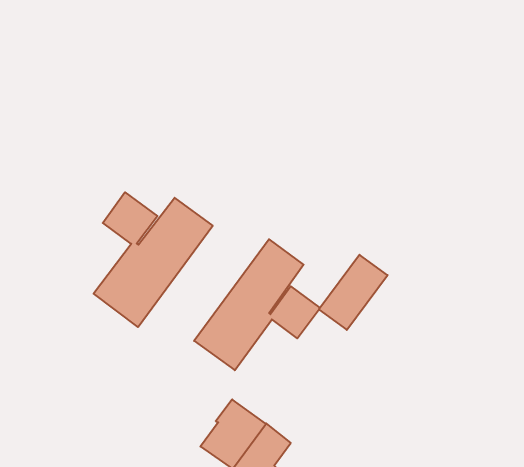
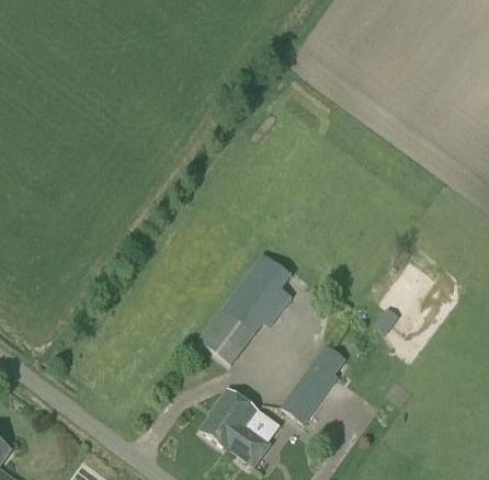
building: [94,192,213,327] -> none
building: [319,255,388,330] -> [280,357,339,422]

